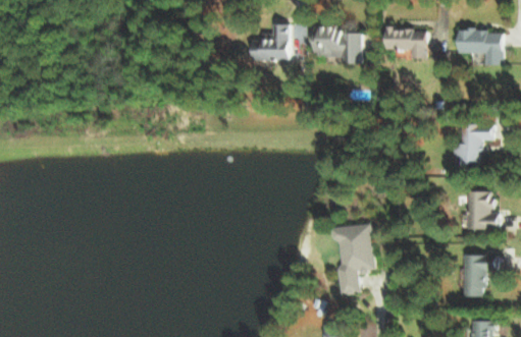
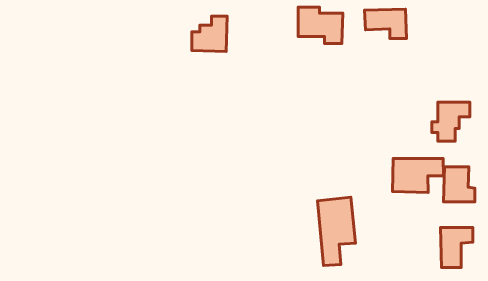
building: [252,23,289,60] -> [192,16,227,52]
building: [458,30,503,64] -> none
building: none -> [392,158,444,192]

